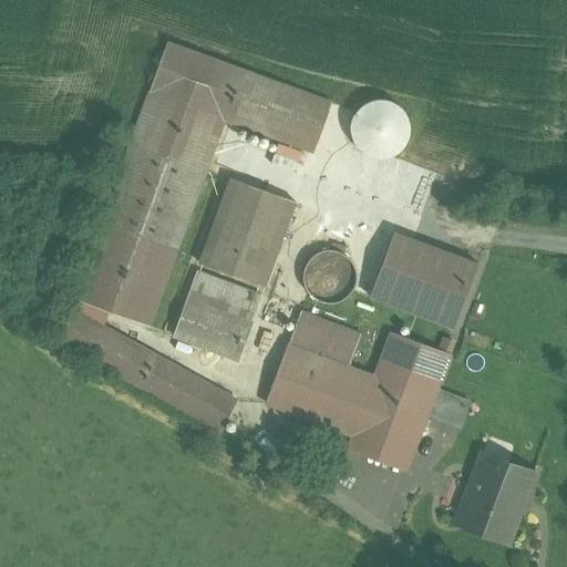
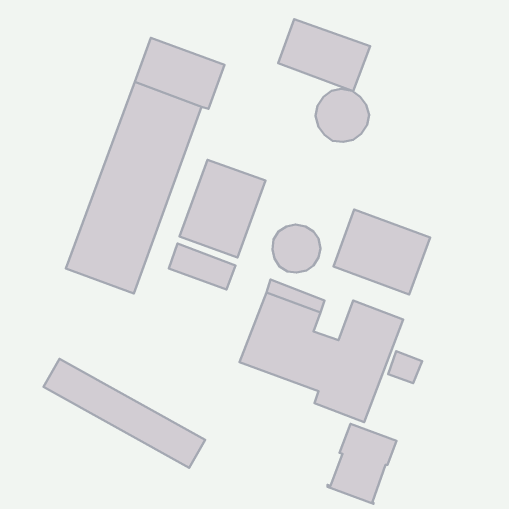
building: [231,72,333,152] -> [278,19,370,91]
building: [173,298,251,360] -> none
building: [58,310,237,431] -> [43,359,205,468]
building: [456,453,533,542] -> [328,424,396,504]

